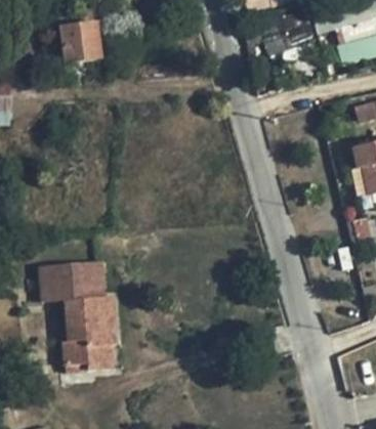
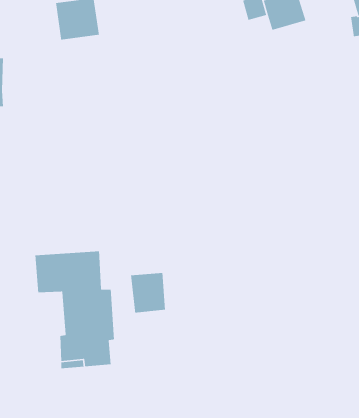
building: none -> [130,272,166,313]

